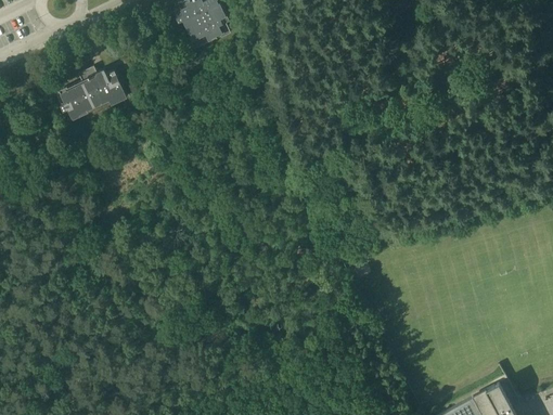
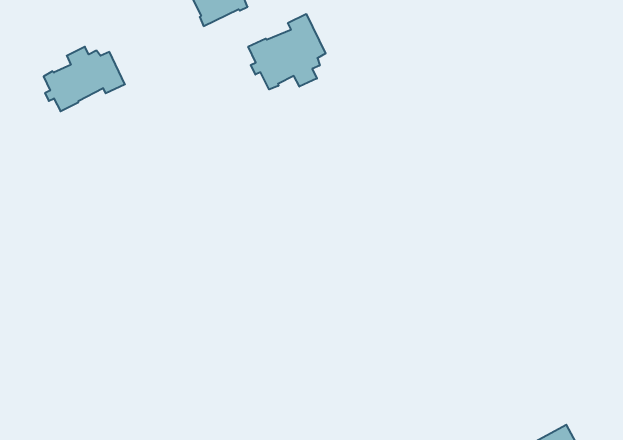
building: none -> [248,14,326,89]

